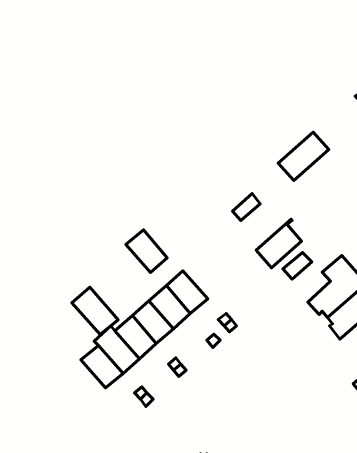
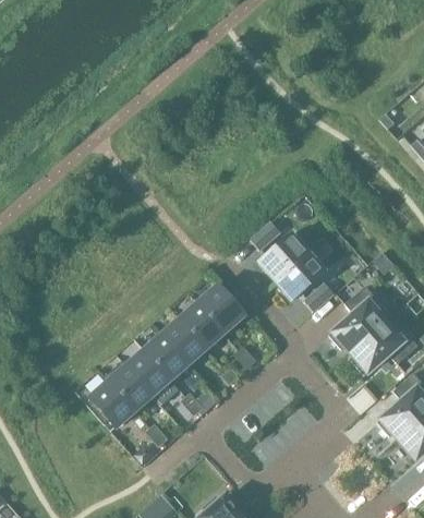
building: [278,132,329,181] -> [258,230,312,281]
building: [126,230,167,272] -> [197,288,241,333]
building: [72,287,118,335] -> none

